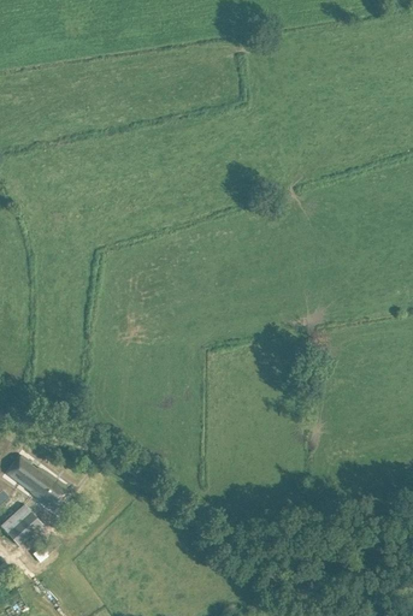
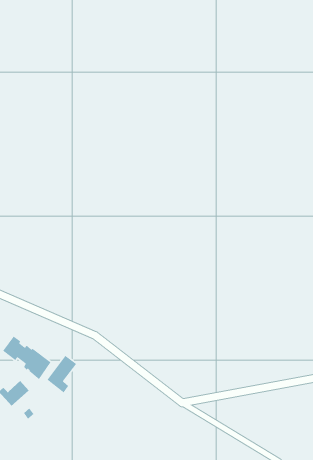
building: none -> [47,355,77,394]

